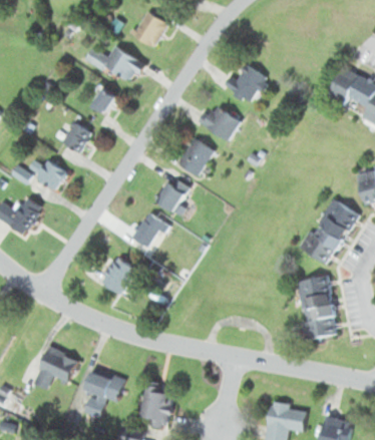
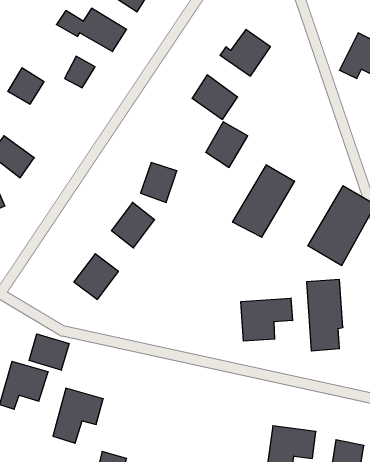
building: [61,120,92,151] -> [8,68,44,104]
building: [177,137,214,176] -> [206,122,248,167]
building: none -> [233,165,295,237]
building: none -> [241,298,293,341]
building: none -> [29,334,69,370]
building: [137,383,175,427] -> none

